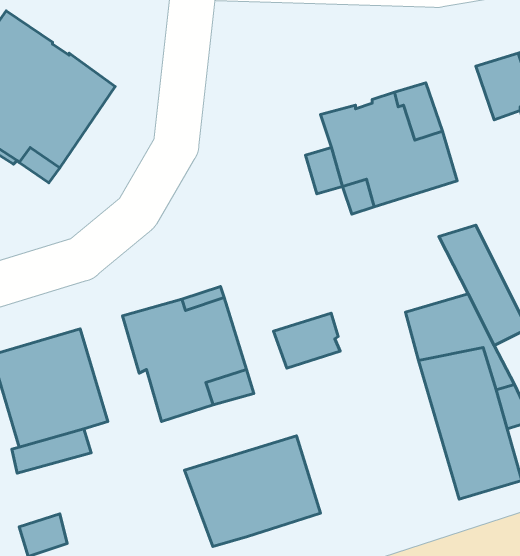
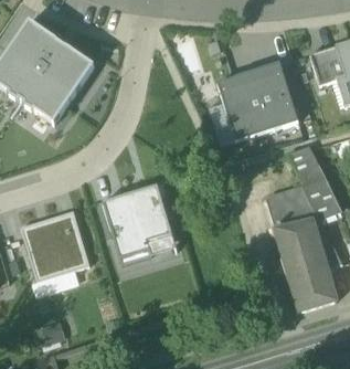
building: [273,313,340,368] -> none
building: [185,436,320,547] -> none

